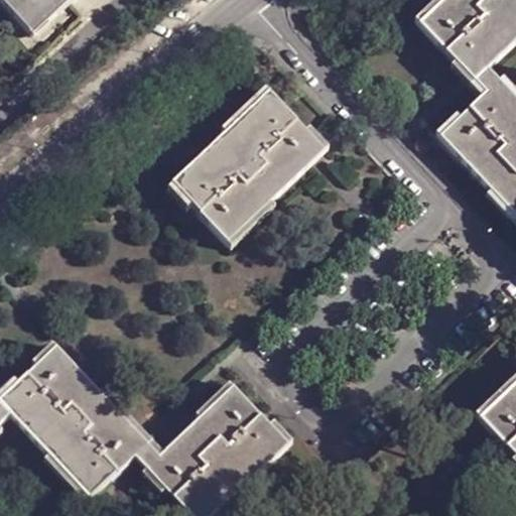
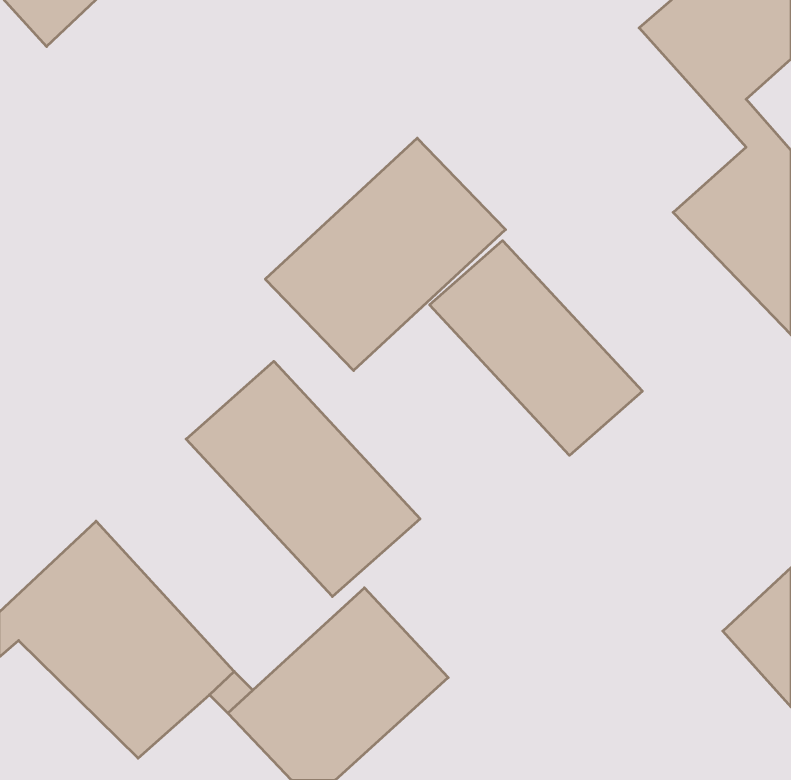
building: none -> [430,241,642,455]
building: none -> [186,361,420,597]

